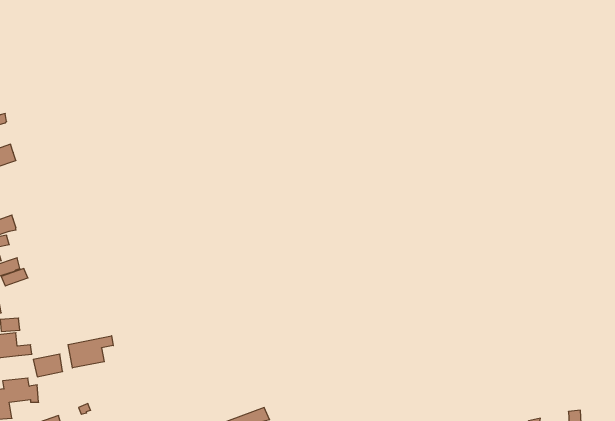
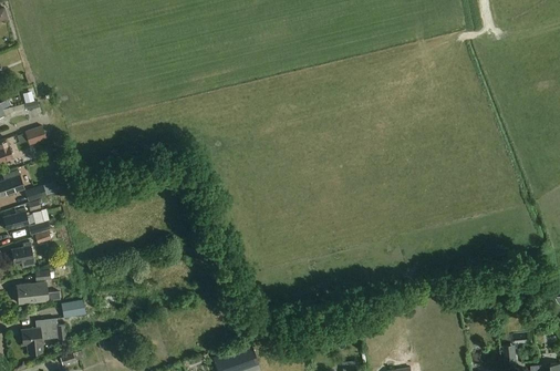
building: [68,336,113,368] -> none

